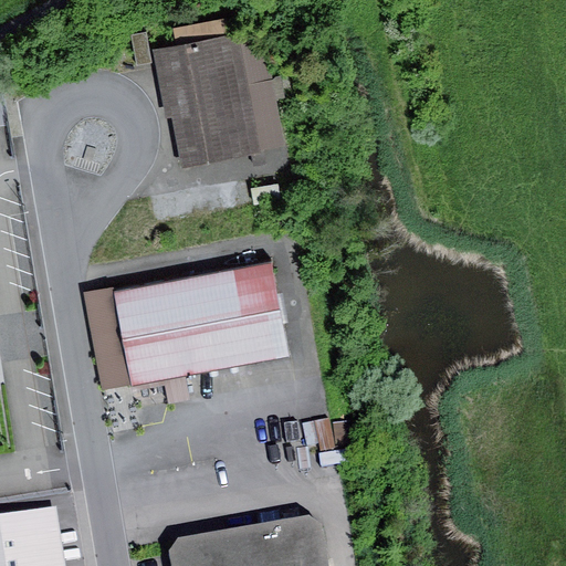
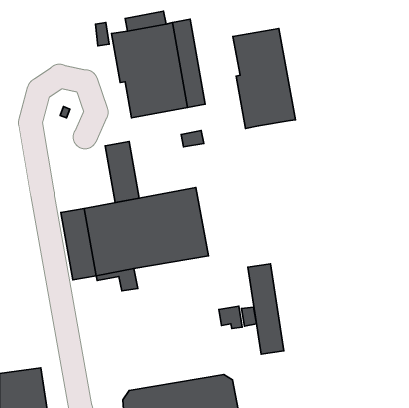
building: none -> [233,28,296,129]
building: none -> [105,142,139,203]
building: none -> [248,264,284,354]

